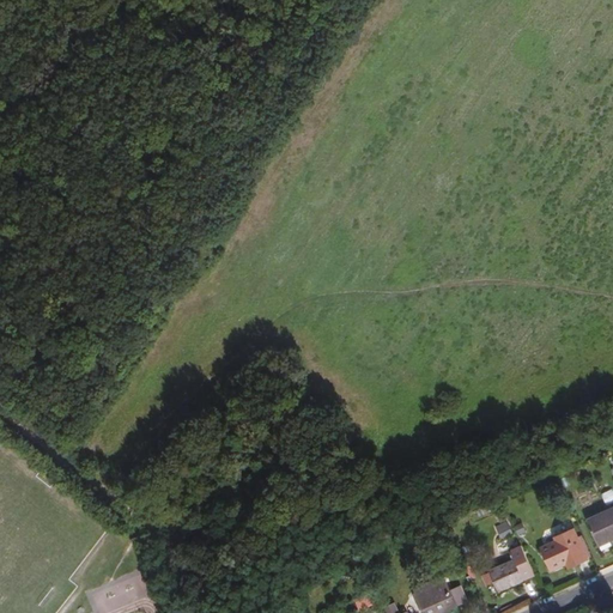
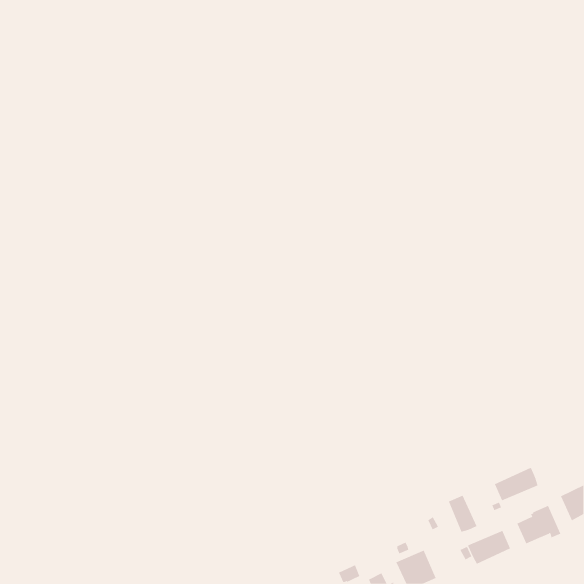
building: none -> [494,467,538,501]
building: none -> [448,495,477,533]

